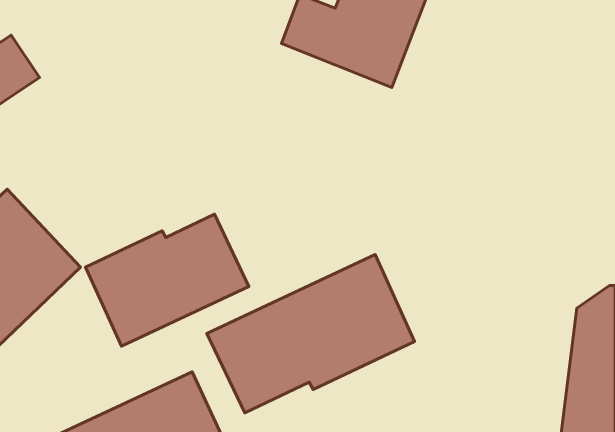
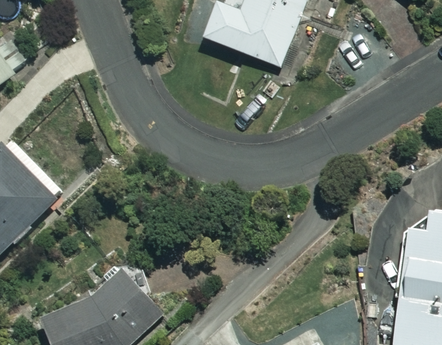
building: [85,214,249,346] -> none
building: [207,255,415,413] -> none

